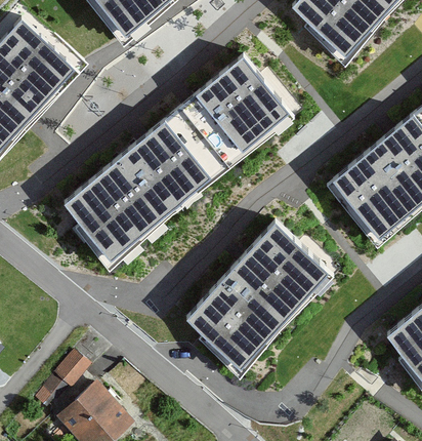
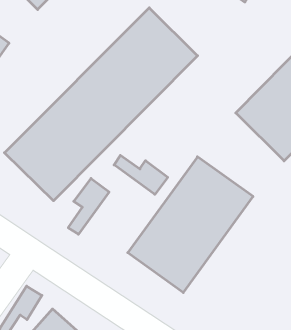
building: none -> [114,155,168,194]
building: none -> [68,178,109,234]

